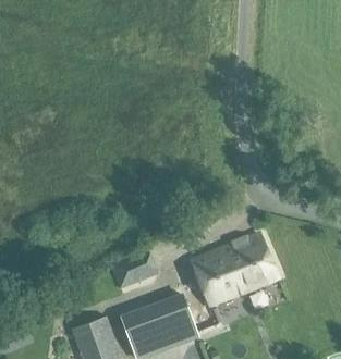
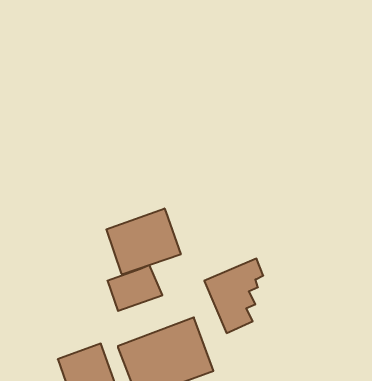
building: none -> [106,208,181,274]
building: [227,234,278,296] -> none

